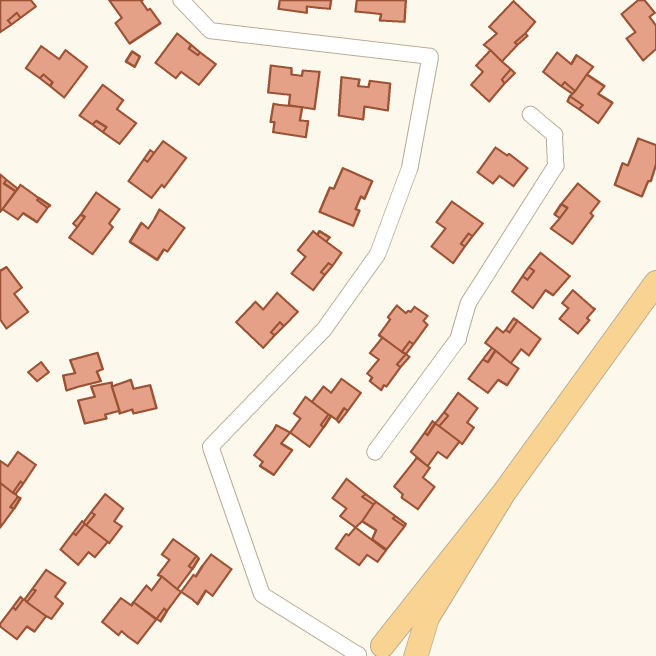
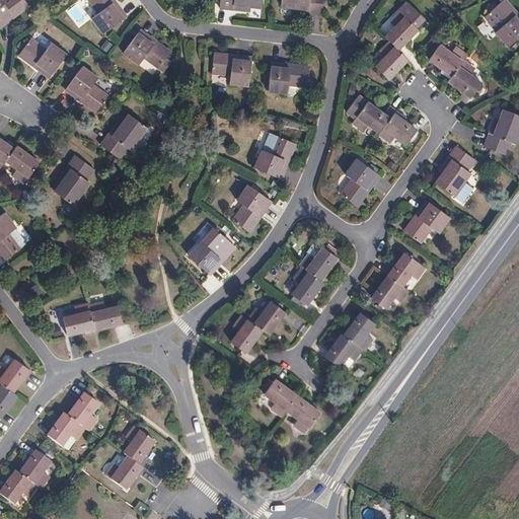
building: [270,104,308,137] -> none
building: none -> [346,96,396,135]
building: [130,210,184,260] -> none
building: [560,290,595,333] -> none
building: [63,353,103,391] -> none
building: [254,425,292,475] -> none
building: [394,458,434,509] -> none
building: [336,528,386,565] -> none
building: [181,554,232,604] -> none
building: [102,598,156,643] -> none

